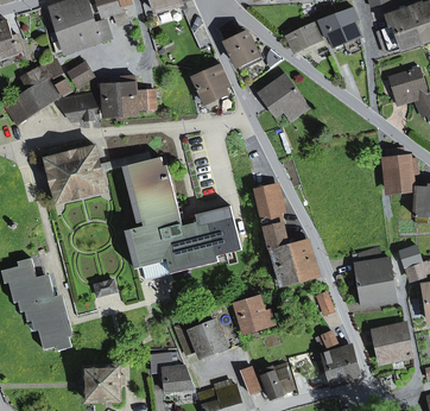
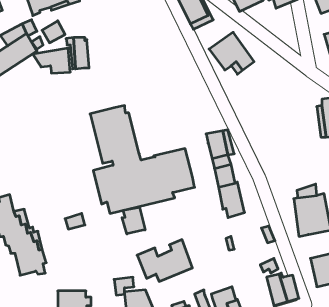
building: [191,63,229,102] -> none
building: [118,76,154,114] -> none
building: [45,146,148,202] -> none
building: [289,239,317,278] -> none
building: none -> [122,207,145,234]
building: [229,296,273,331] -> none

